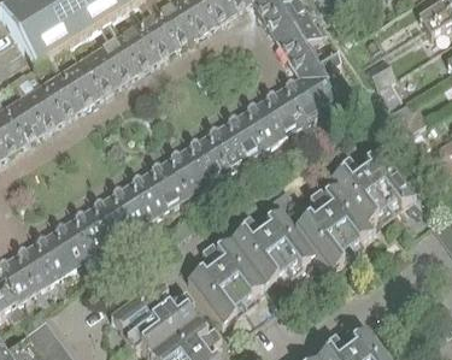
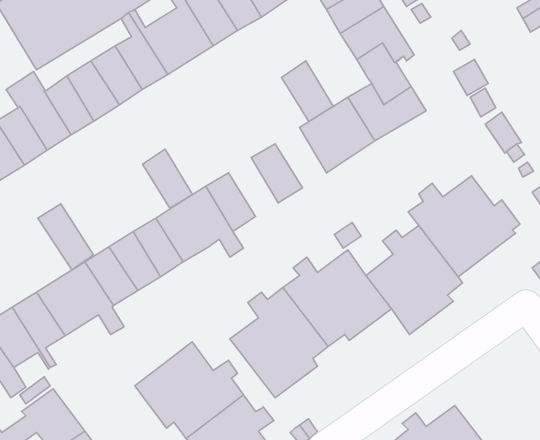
building: [224,108,265,157] -> [282,61,333,121]
building: [187,132,227,179] -> [143,149,193,208]
building: none -> [38,204,93,270]

